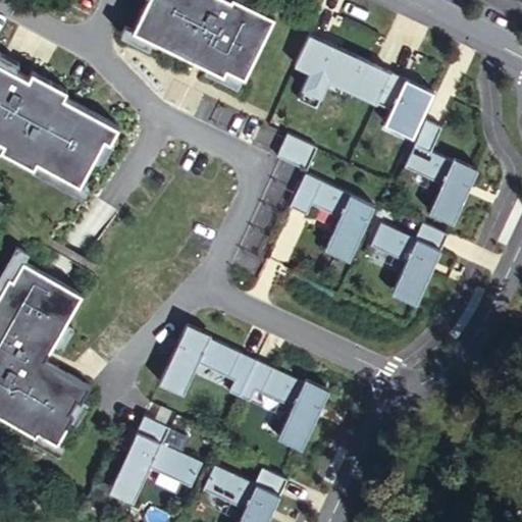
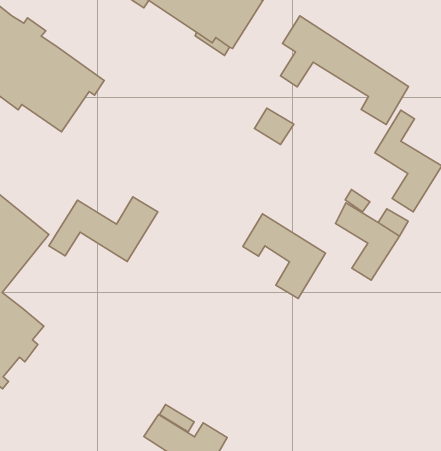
building: [290,173,375,256] -> [243,214,325,299]
building: none -> [49,197,158,262]
building: [156,325,323,449] -> none
building: [110,416,203,499] -> none

